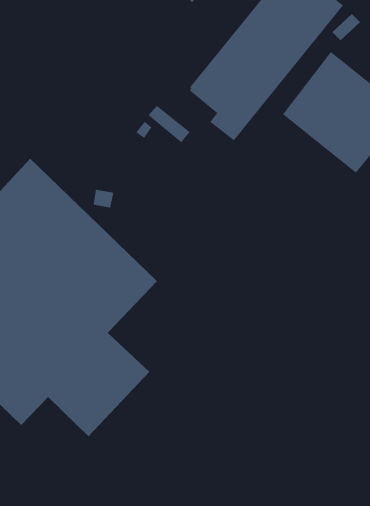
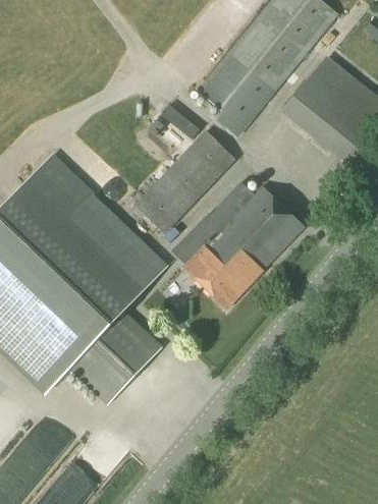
building: none -> [133,129,235,234]
building: none -> [171,181,304,309]

